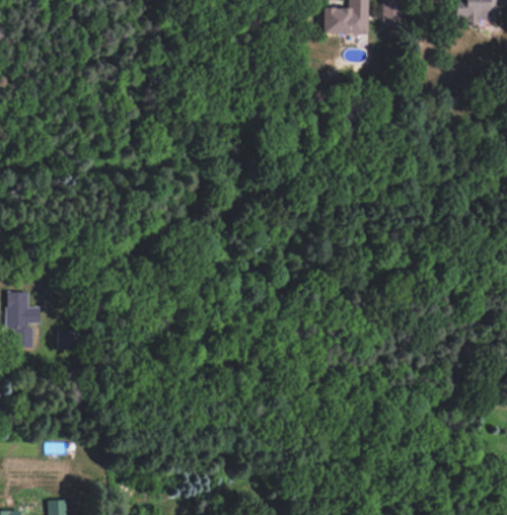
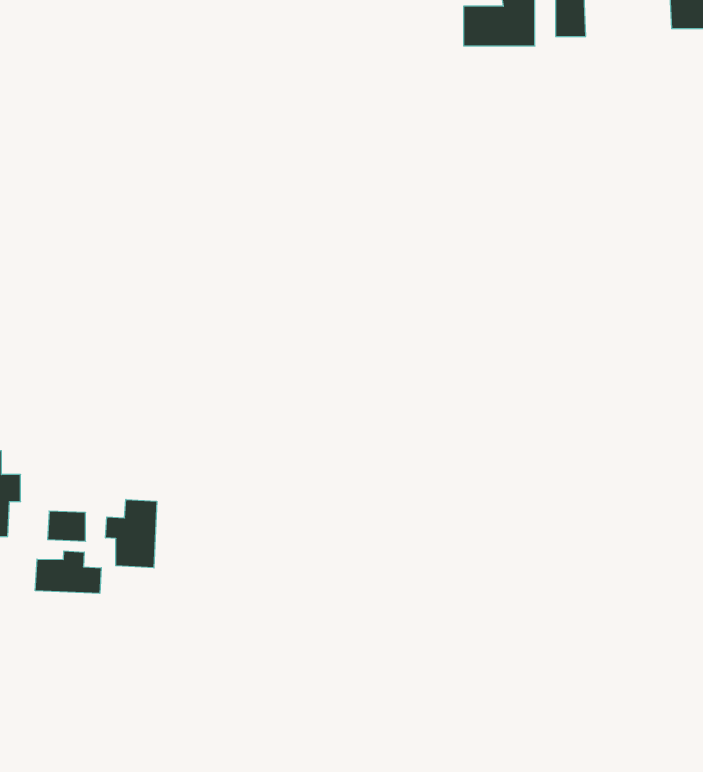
building: none -> [106,499,157,568]
building: none -> [35,551,101,593]

